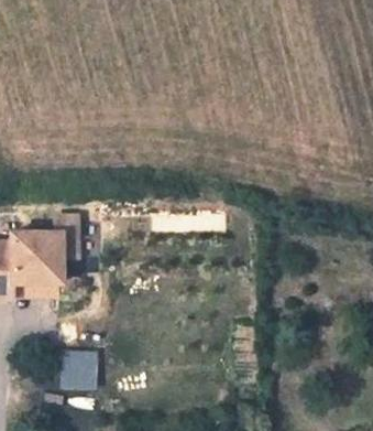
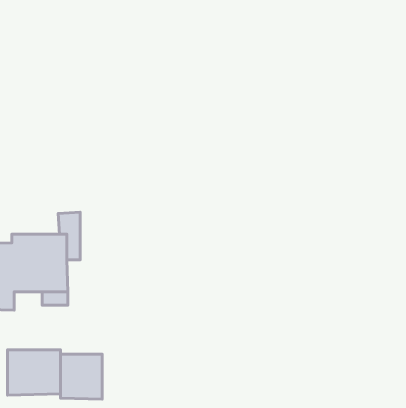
building: none -> [7,350,61,395]

